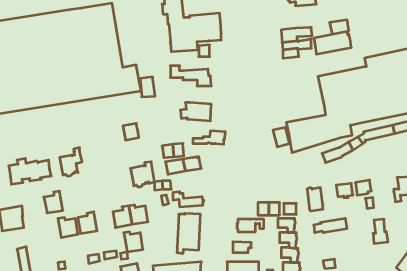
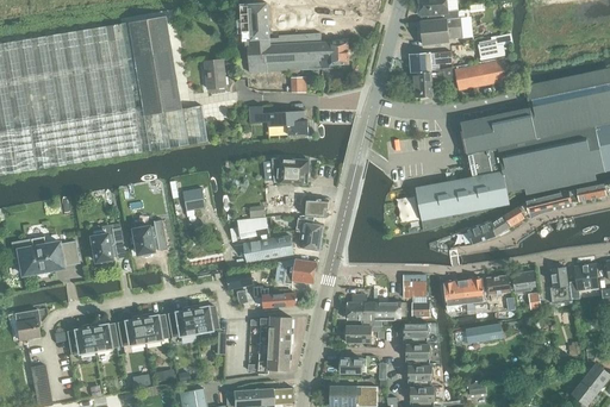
building: none -> [419,18,462,44]
building: none -> [320,40,347,64]
building: [140,77,155,97] -> [204,60,225,88]
building: none -> [298,215,323,251]
building: [130,162,155,187] -> [132,220,167,256]
building: none -> [282,258,315,283]
building: none -> [402,275,425,302]
building: none -> [463,276,485,311]
building: [44,191,63,213] -> [66,324,93,355]
building: none -> [344,295,374,325]
building: [373,219,388,243] -> [549,268,571,302]
building: [124,232,143,252] -> [139,313,167,342]

